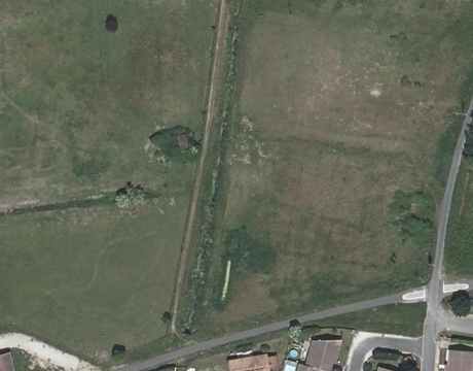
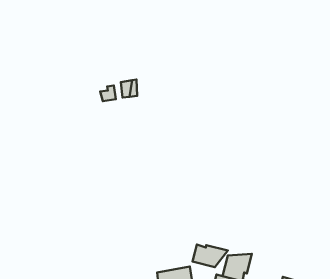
building: none -> [192,245,228,267]

